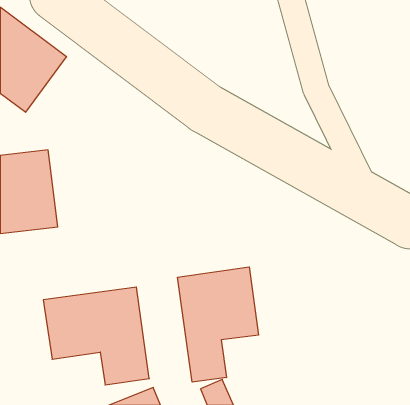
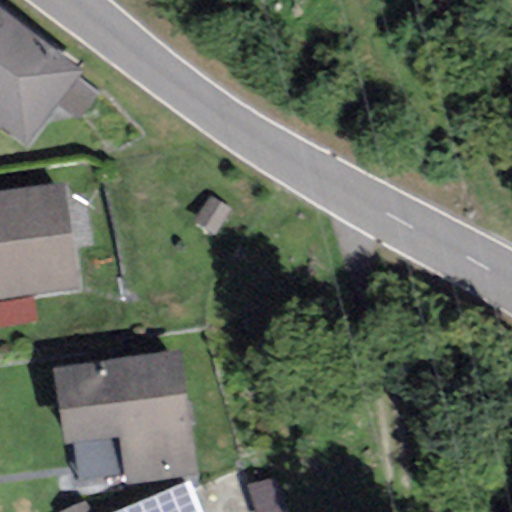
building: [178,267,258,382] -> none

